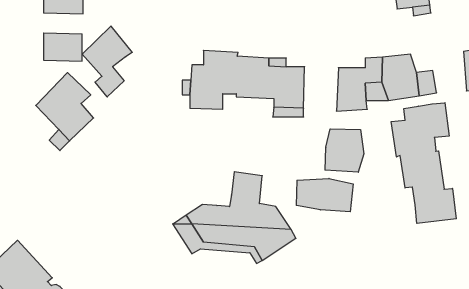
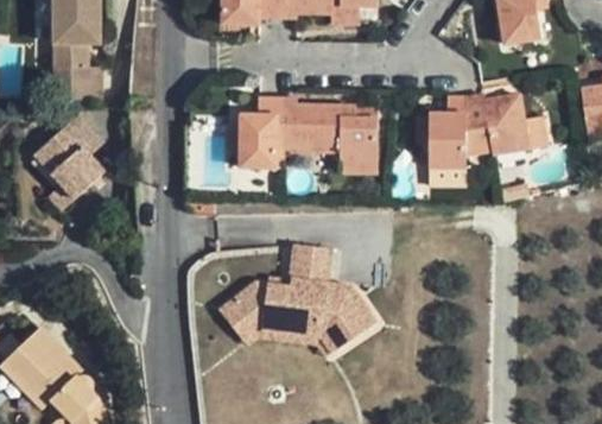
building: [82,26,132,97] -> none
building: [391,103,456,223] -> none
building: [325,129,364,172] -> none
building: [296,178,353,212] -> none

